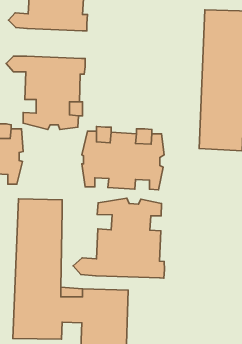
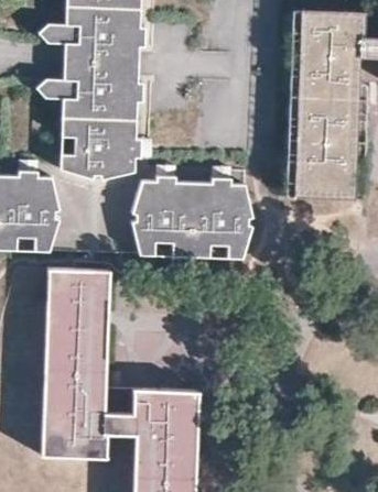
building: none -> [61,40,137,80]
building: [73,198,164,278] -> none

